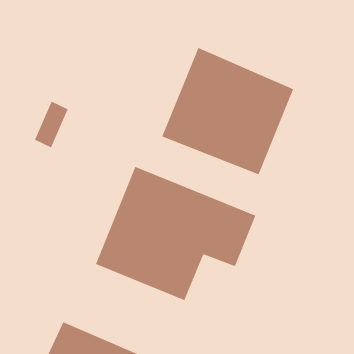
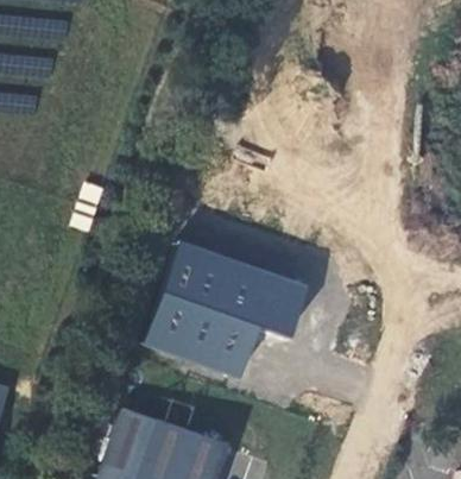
building: [162,47,294,175] -> none

